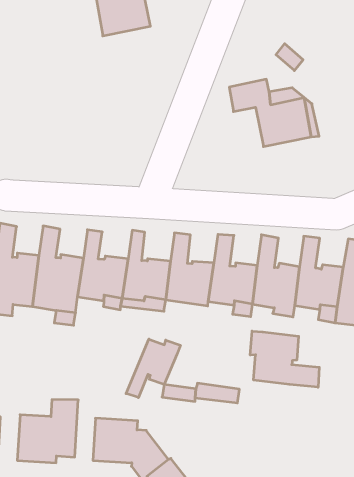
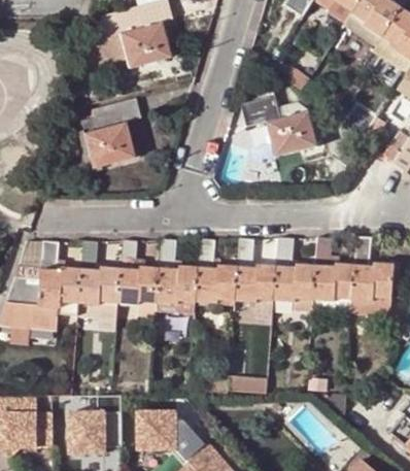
building: none -> [79,98,136,168]
building: [250,331,319,387] -> none
building: [126,339,180,398] -> none

